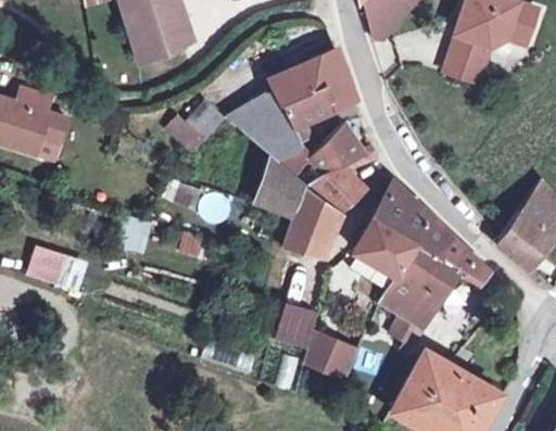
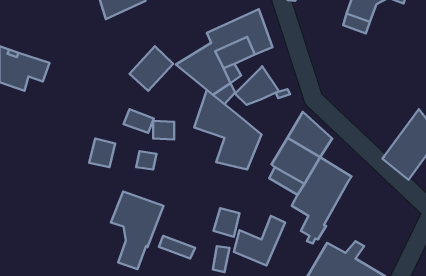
building: [308,166,365,212] -> none
building: [417,217,486,284] -> none
building: [27,246,68,287] -> none
building: none -> [111,191,163,269]

